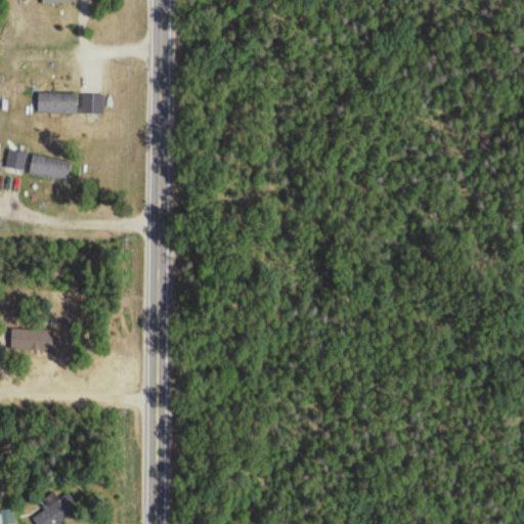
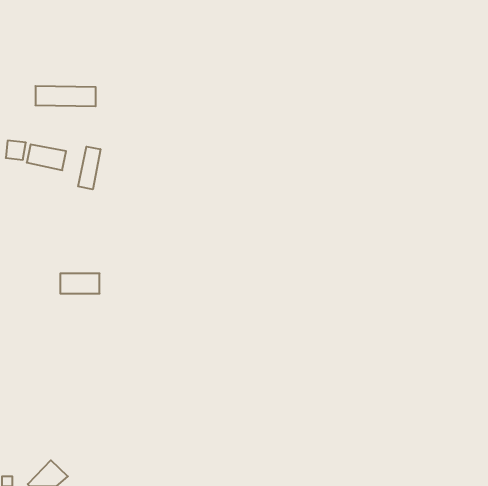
building: none -> [78,147,100,189]
building: [10,329,52,350] -> [60,273,100,294]

